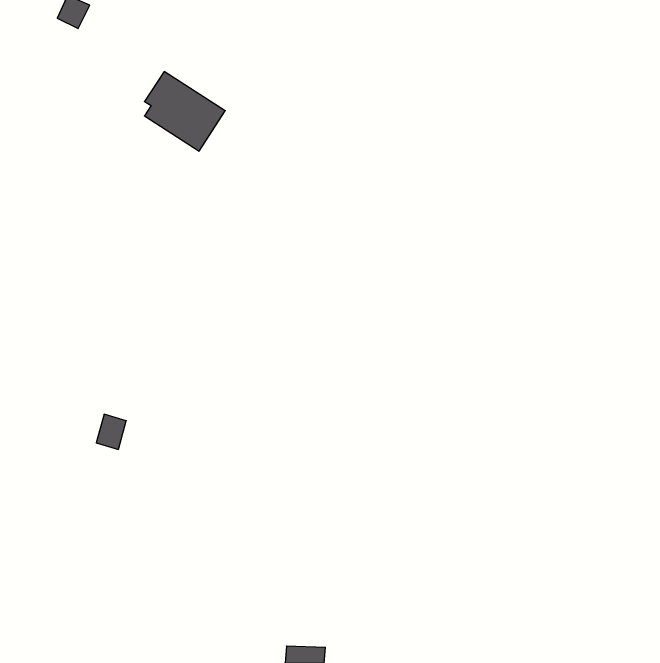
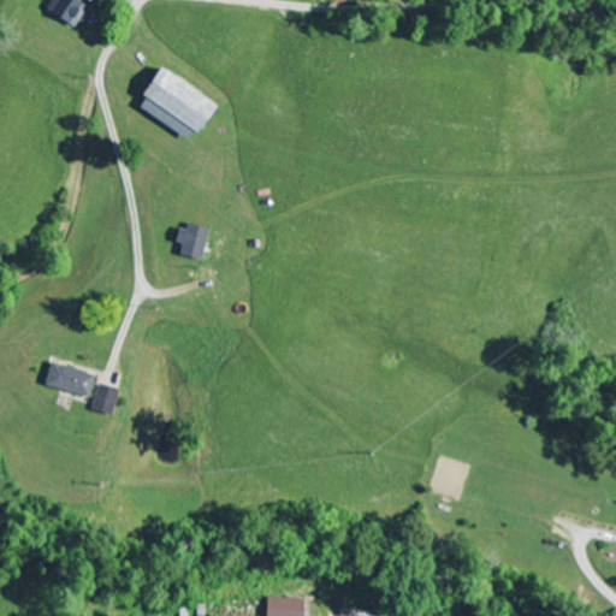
building: none -> [176,221,211,260]
building: none -> [46,361,96,397]

